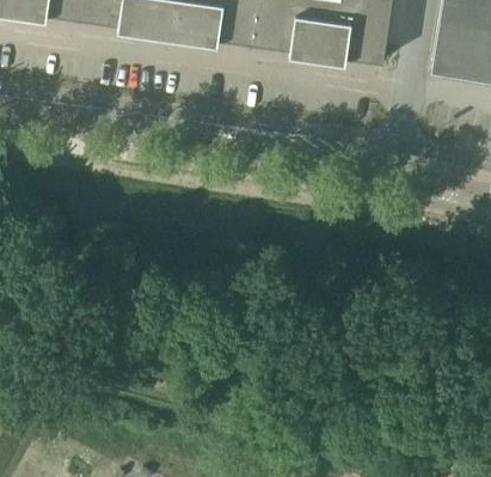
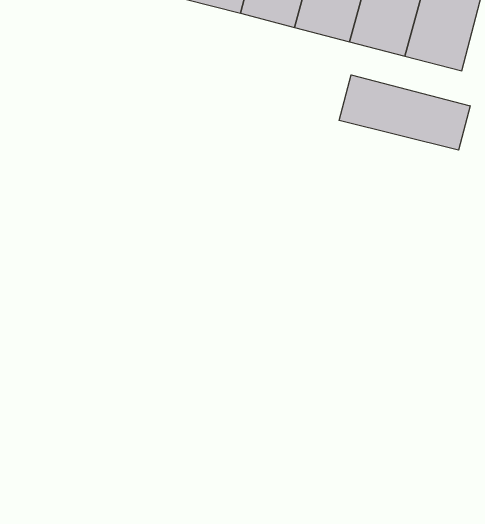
building: none -> [339,75,470,150]

